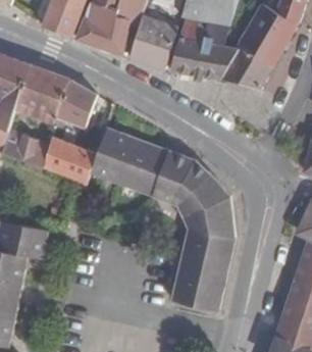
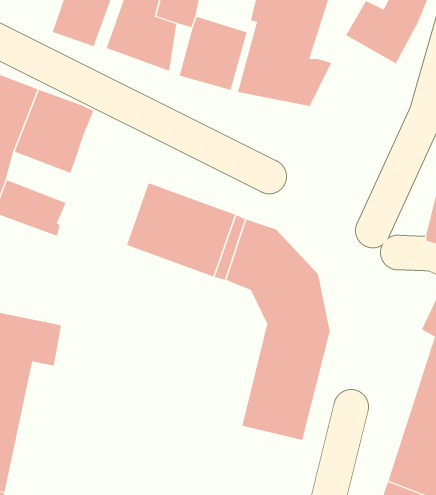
building: [222,28,282,87] -> none
building: [58,81,98,128] -> none
building: [46,140,97,183] -> none

